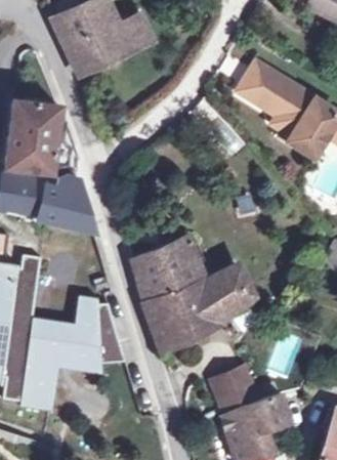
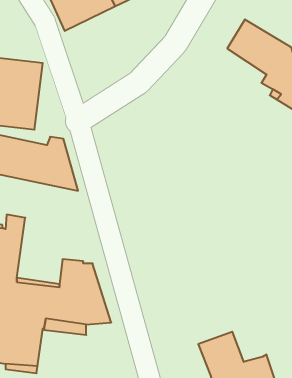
building: [133,237,252,351] -> none

